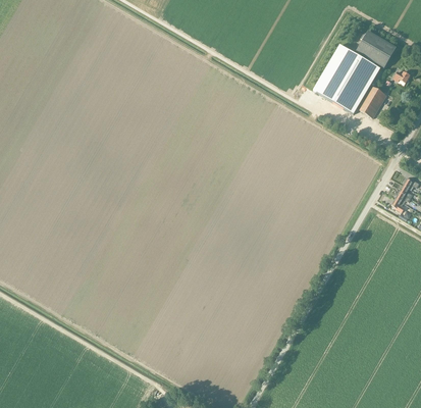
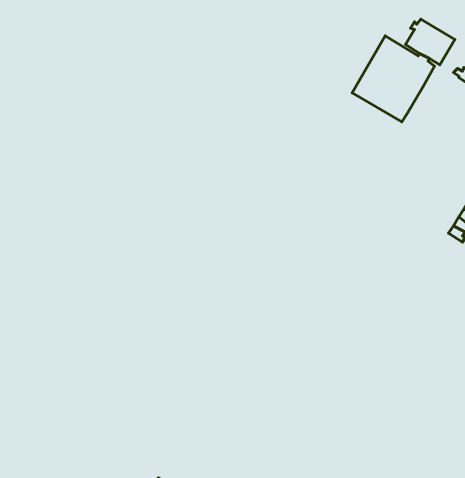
building: [357,86,386,117] -> none

